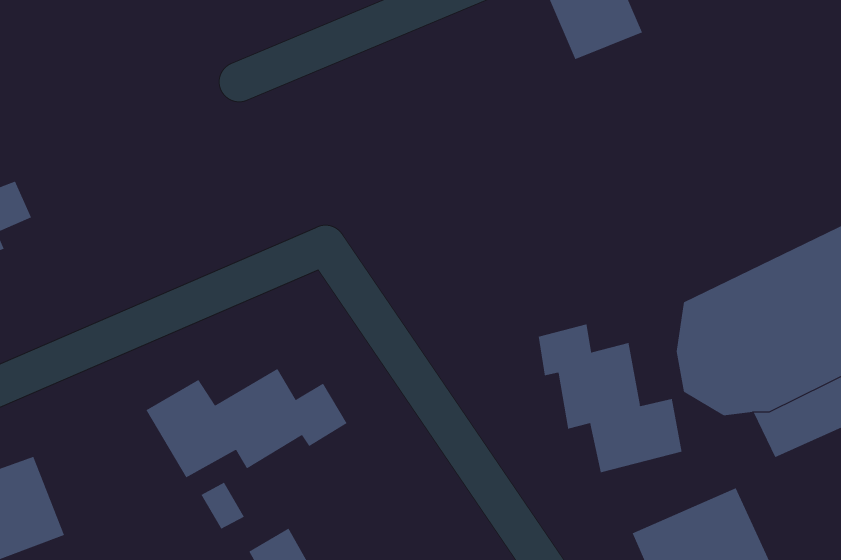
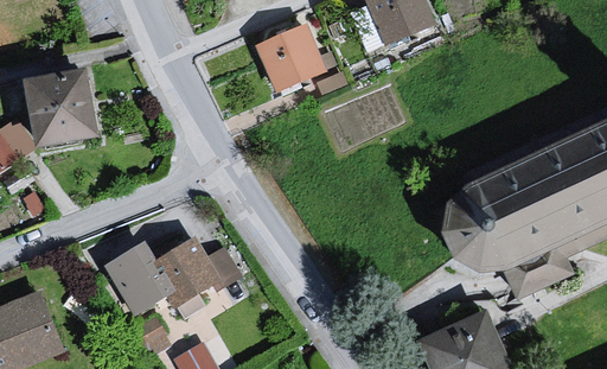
building: none -> [251,21,322,91]
building: none -> [30,76,104,152]
building: [538,324,682,473] -> none

